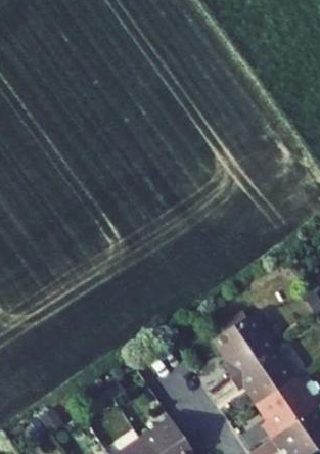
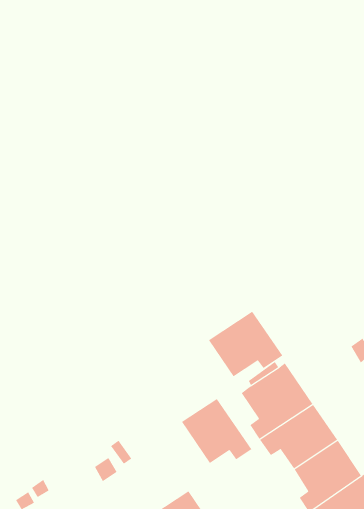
building: none -> [208,311,283,377]
building: none -> [181,398,252,464]

